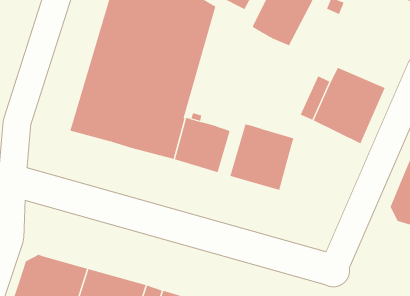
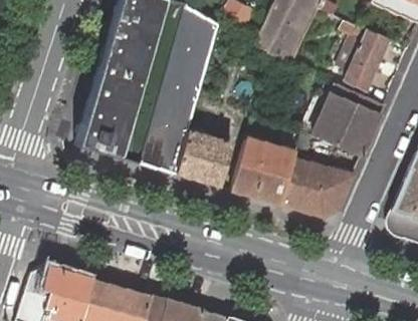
building: none -> [345,26,388,88]
building: none -> [280,158,352,215]

